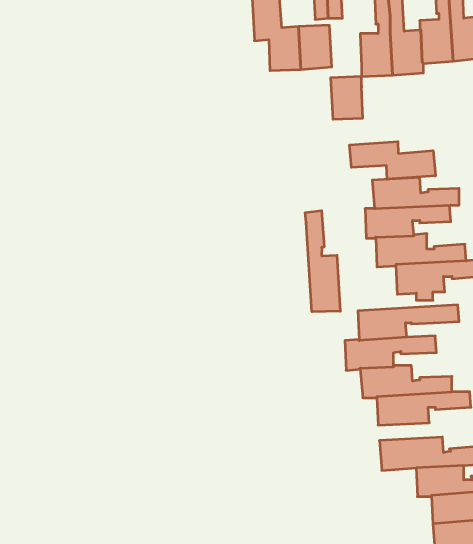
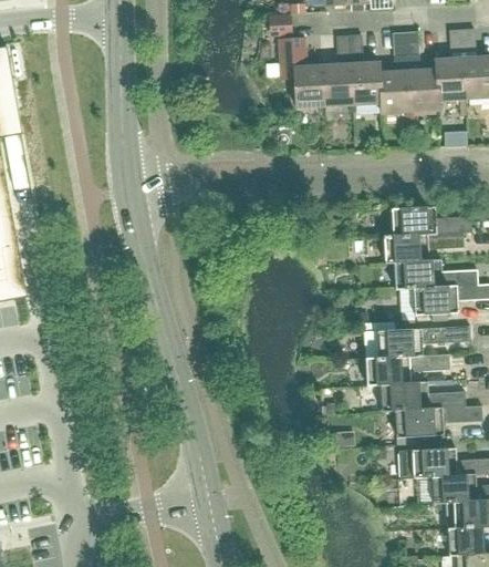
building: [331,76,363,119] -> [350,64,379,104]
building: [350,142,435,179] -> none
building: [305,211,340,312] -> none

